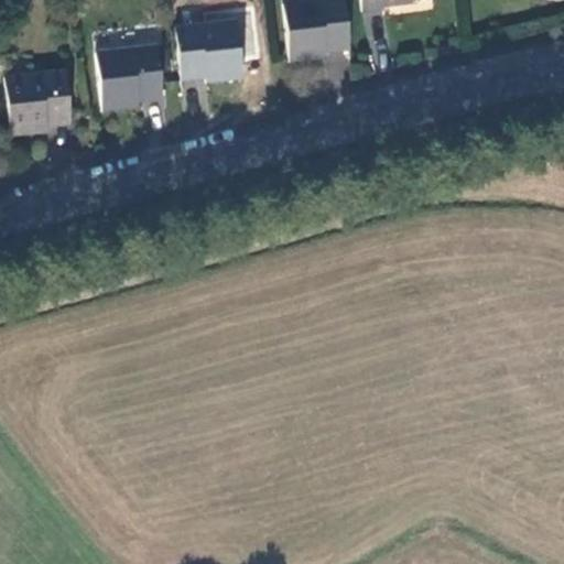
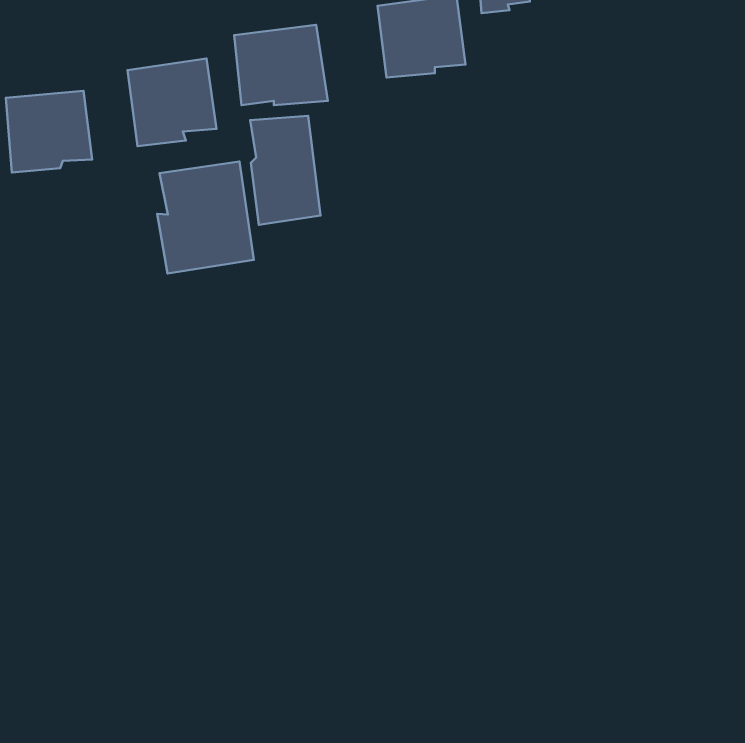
building: none -> [250,116,321,225]
building: none -> [157,161,254,274]

